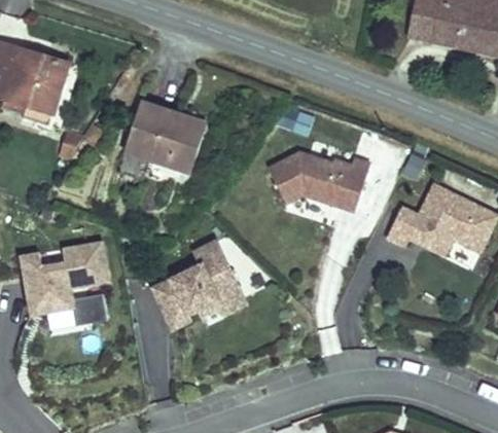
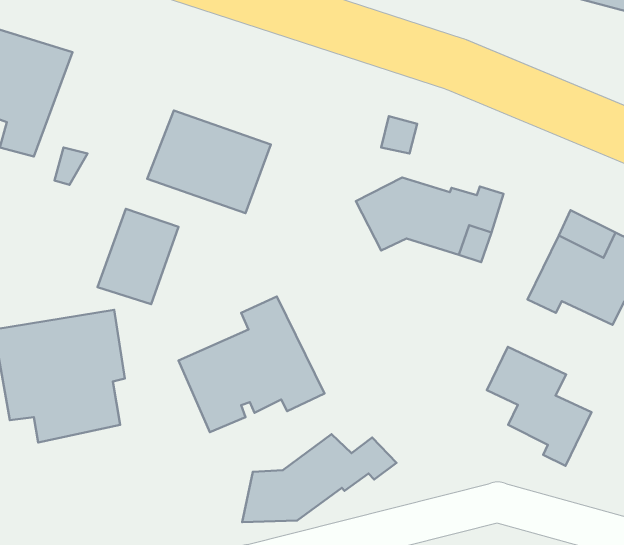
building: none -> [98,209,179,304]
building: none -> [487,347,591,466]
building: none -> [242,434,397,522]

